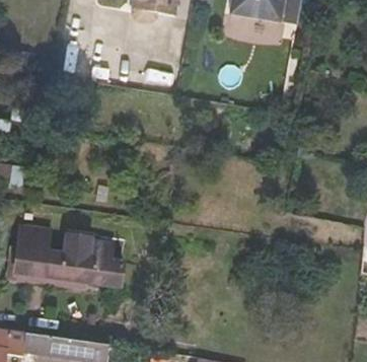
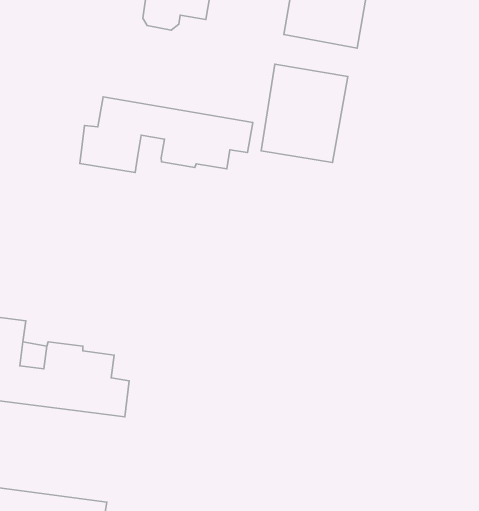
building: none -> [261,64,348,163]
building: none -> [80,97,253,173]

